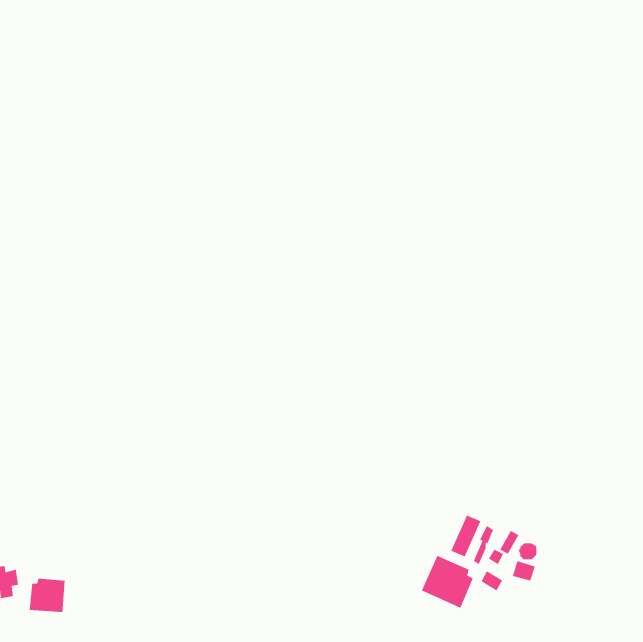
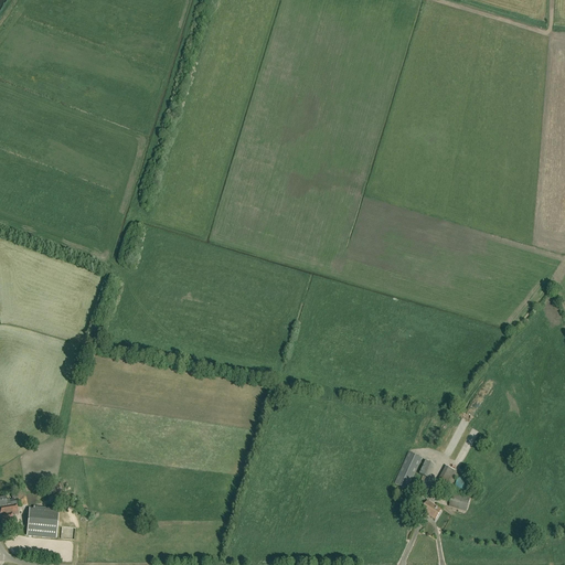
building: [421,555,474,609] -> none

